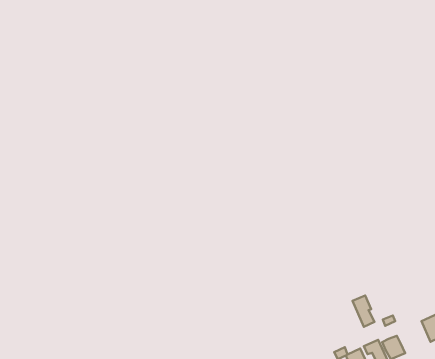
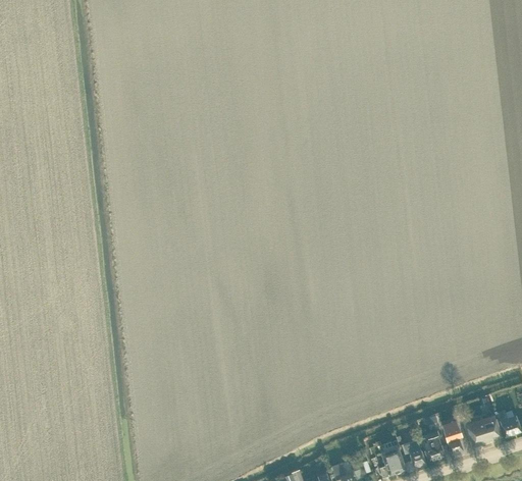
building: [352,296,375,327] -> [442,420,464,453]

